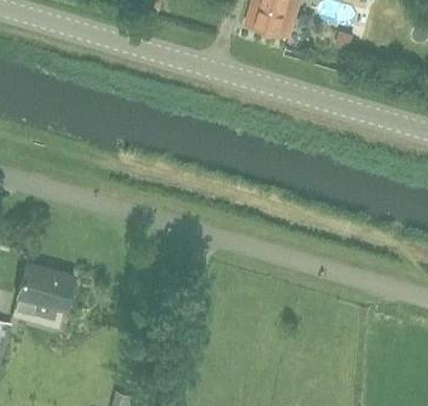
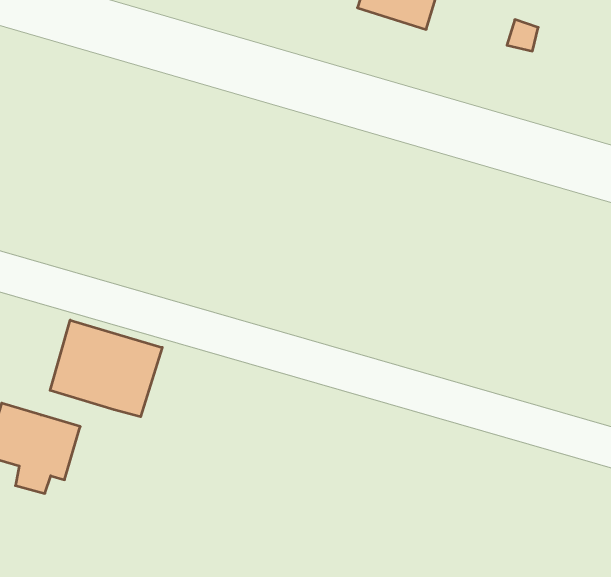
building: none -> [50,320,162,417]

